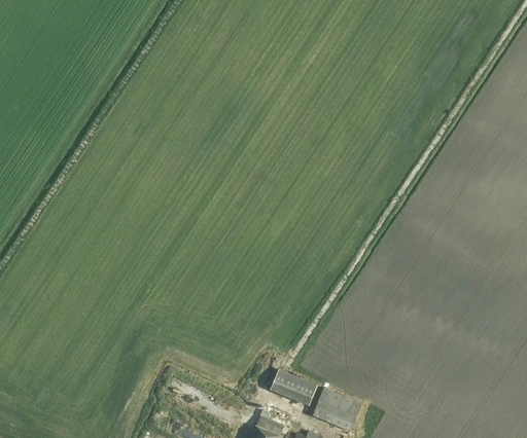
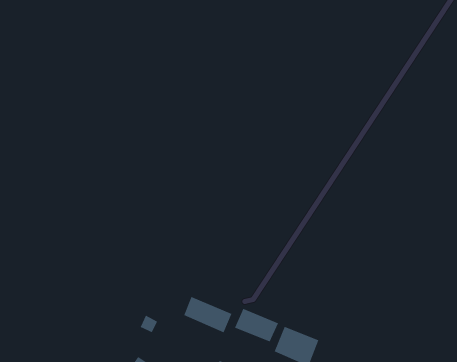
building: none -> [184,296,232,333]

